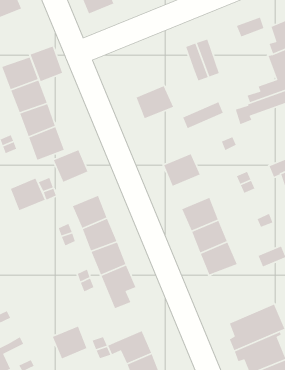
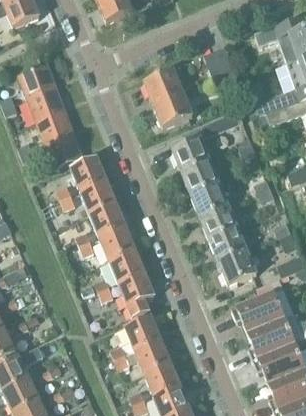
building: [29,46,63,82] -> none
building: none -> [143,70,182,105]
building: none -> [172,138,209,173]
building: none -> [190,183,228,217]
building: [10,177,46,211] -> [80,180,116,214]
building: none -> [230,276,293,332]
building: [52,326,87,359] -> [124,316,160,350]

